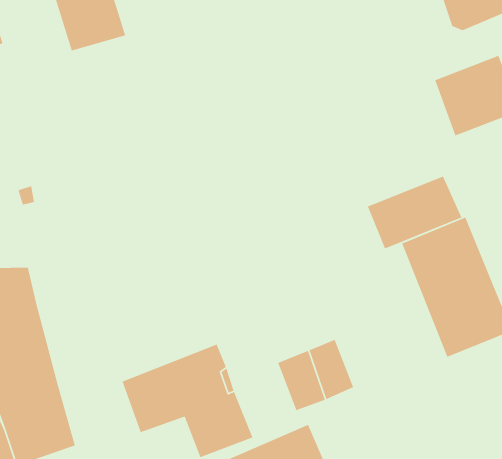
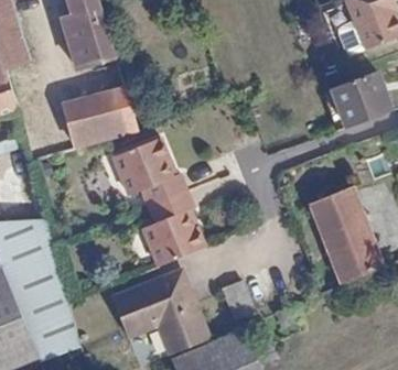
building: none -> [58,87,137,150]
building: none -> [118,140,202,268]
building: [367,175,462,250] -> none

